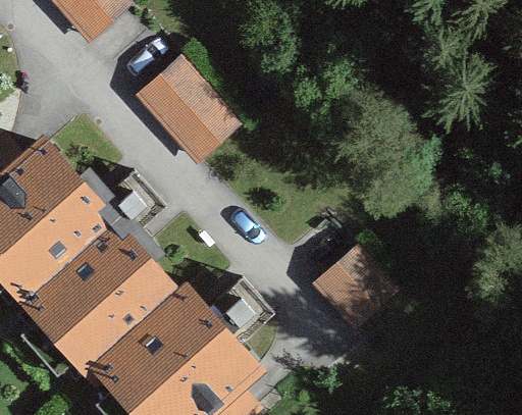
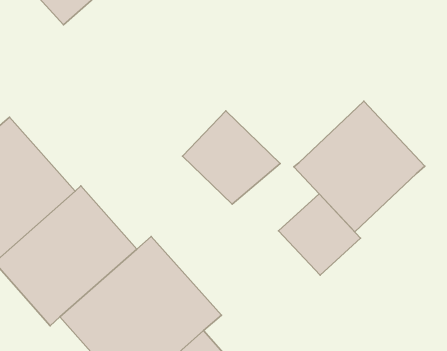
building: [141,49,251,154] -> [183,111,280,204]
building: none -> [294,101,425,232]

